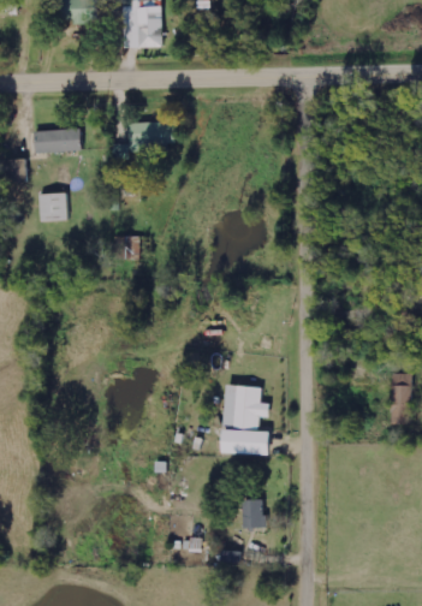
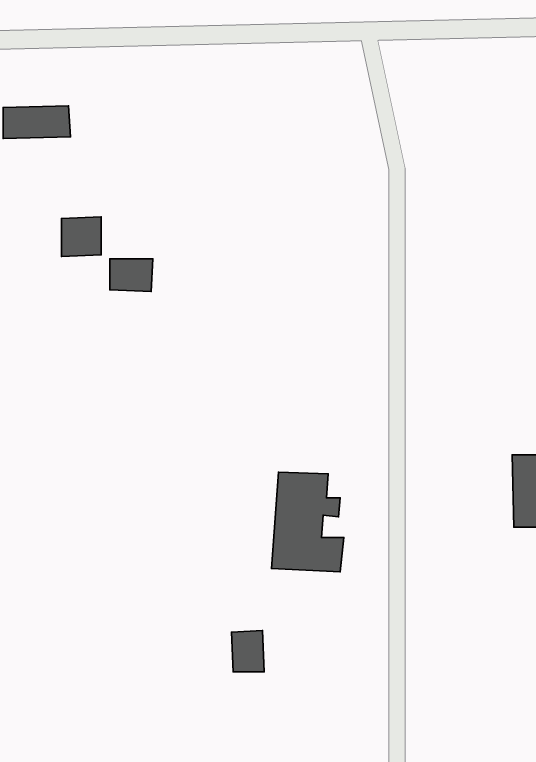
building: [127,120,174,148] -> none
building: [38,192,66,220] -> [62,217,101,256]
building: [240,499,263,528] -> [232,630,264,672]

